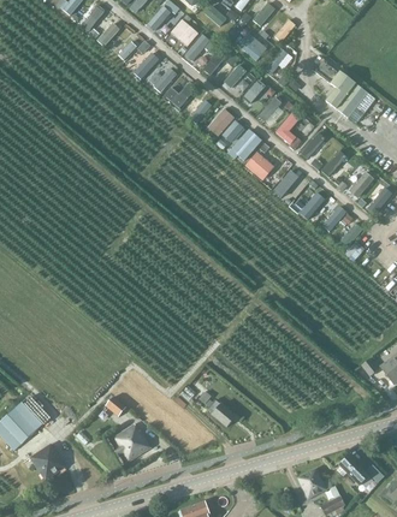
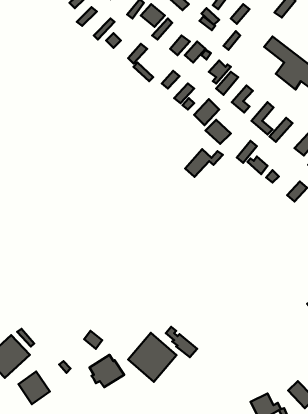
building: none -> [185,149,223,177]
building: none -> [128,333,176,382]

